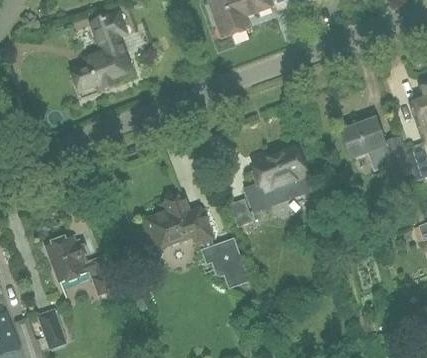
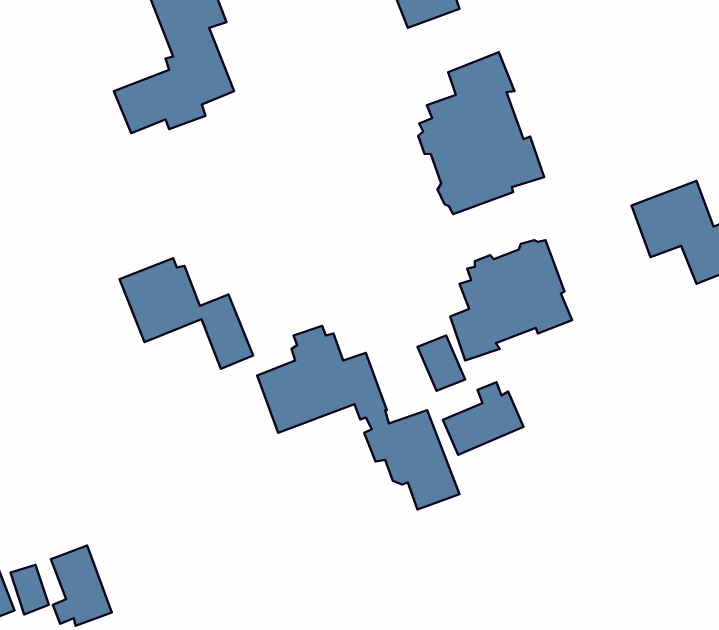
building: none -> [418,52,544,214]
building: none -> [443,382,523,455]
building: [45,236,115,294] -> [120,258,253,369]

